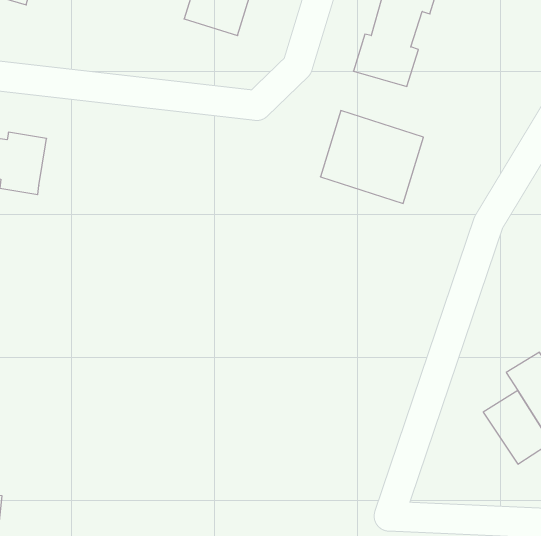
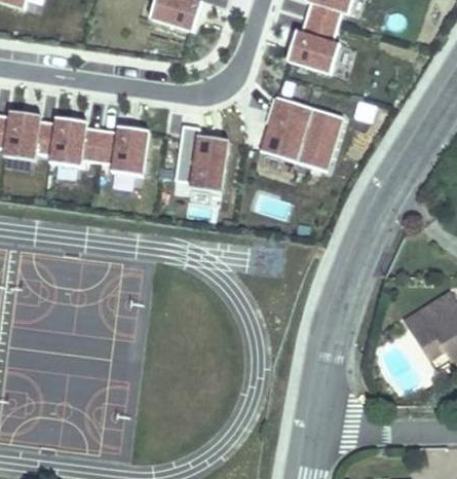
building: none -> [33,117,148,175]
building: none -> [174,125,228,192]

